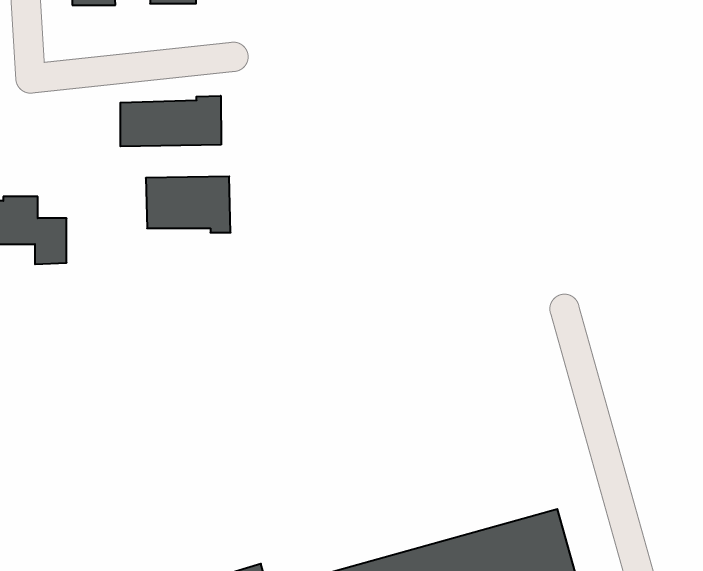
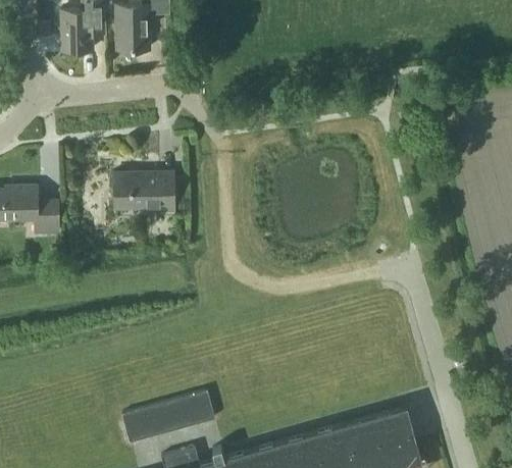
building: [120,96,221,146] -> none
building: none -> [121,392,214,444]

